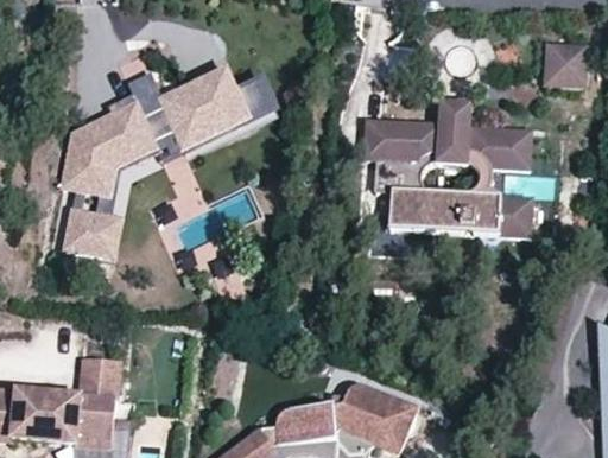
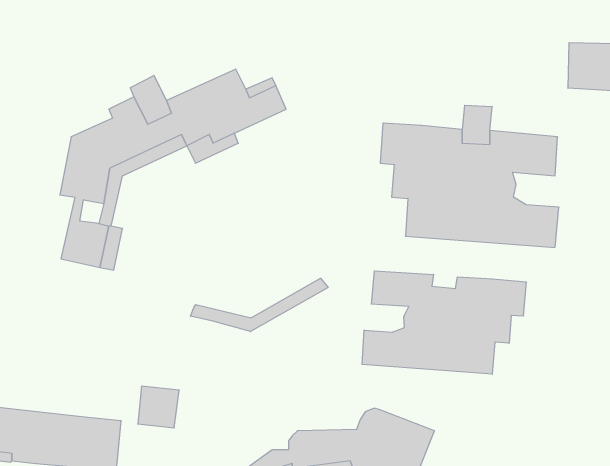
building: none -> [362,271,526,374]
building: none -> [190,278,328,332]
building: [84,360,124,399] -> [138,386,179,428]

